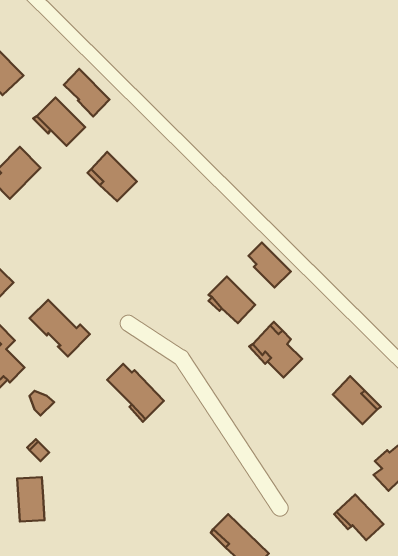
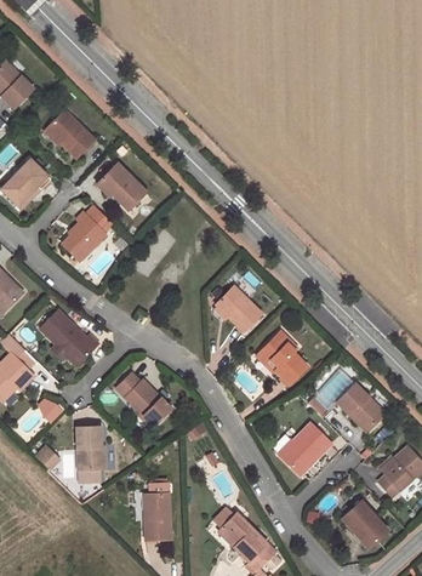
building: [64,69,110,116] -> none
building: none -> [62,206,113,262]
building: [249,243,291,288] -> none
building: none -> [280,424,332,475]
building: [17,477,44,522] -> [76,427,103,471]
building: none -> [144,494,170,541]

